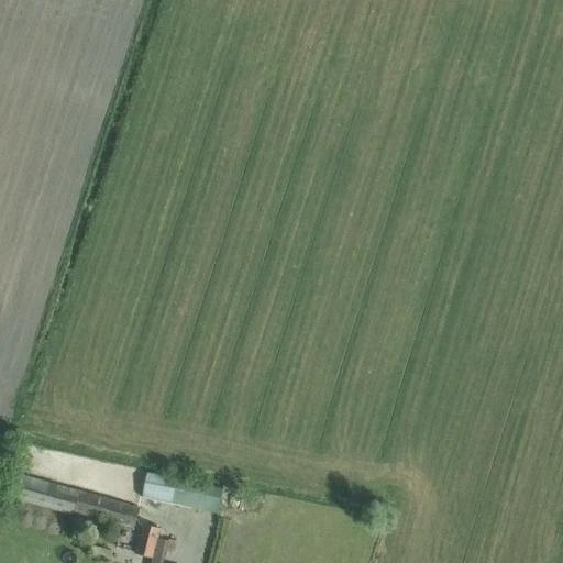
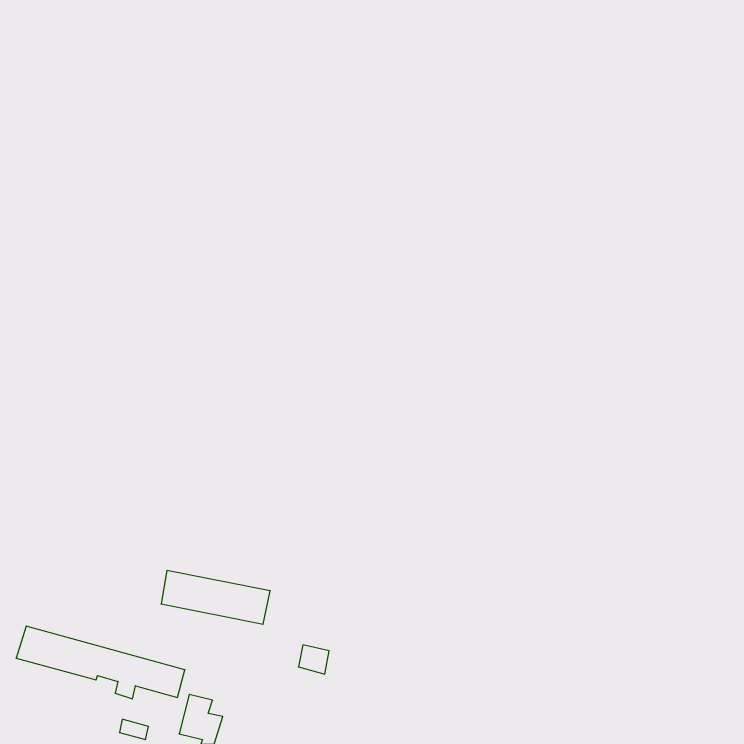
building: [142,471,224,511] -> [161,570,270,624]

